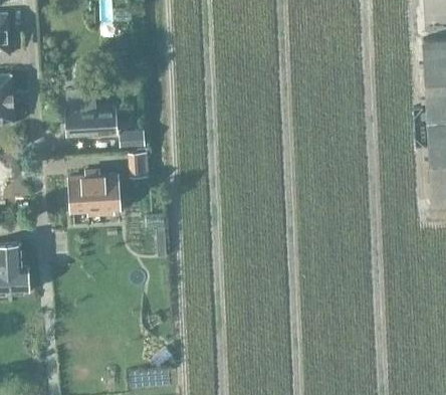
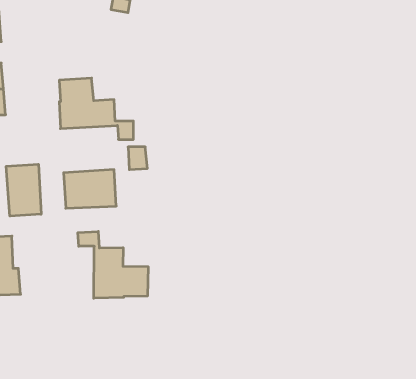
building: none -> [6,164,41,216]
building: none -> [78,231,148,298]

